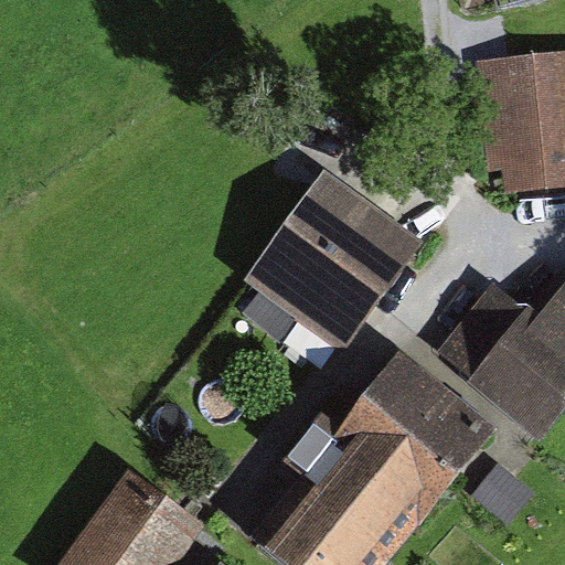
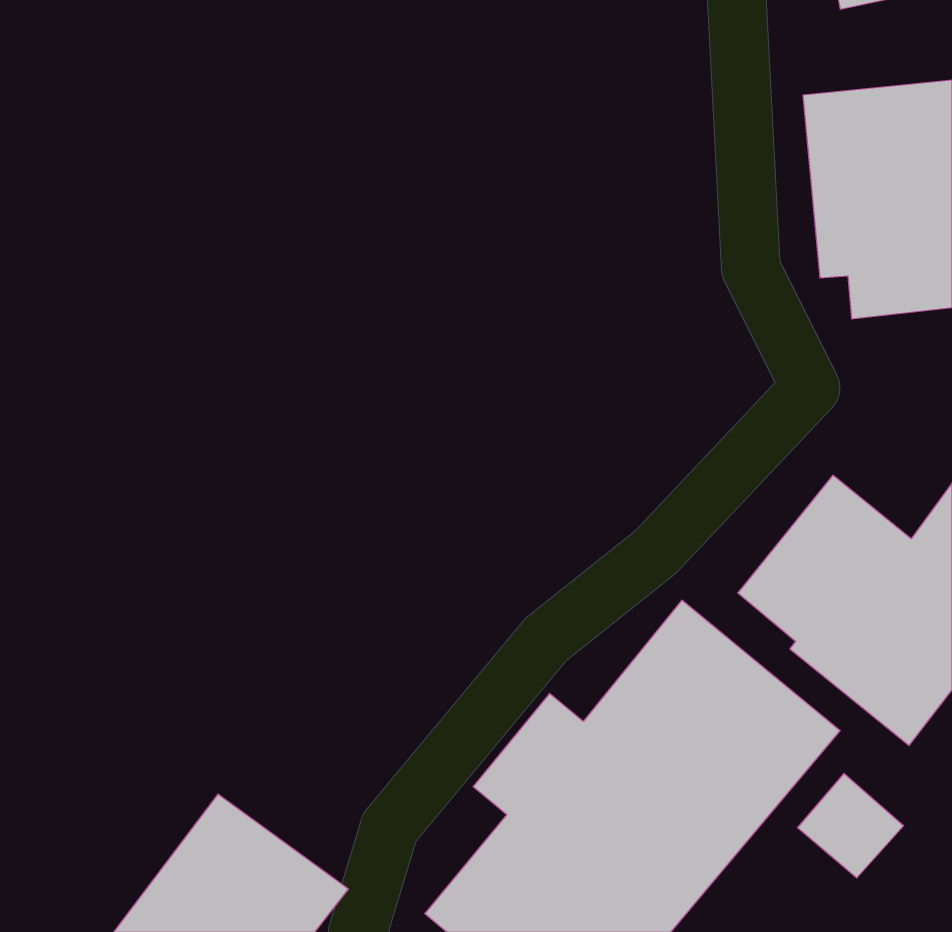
building: [245,172,423,352] -> none

